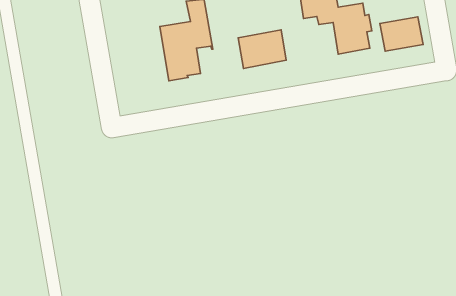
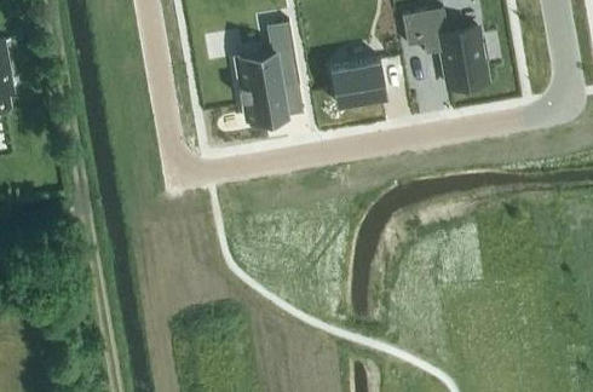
building: [380,17,423,51] -> none

